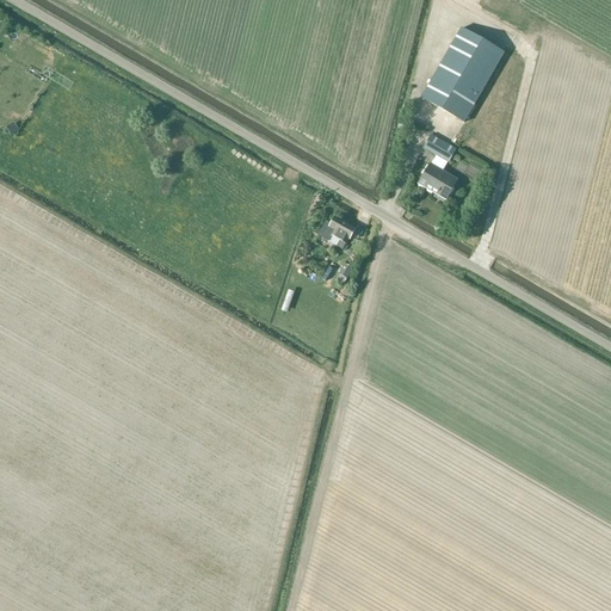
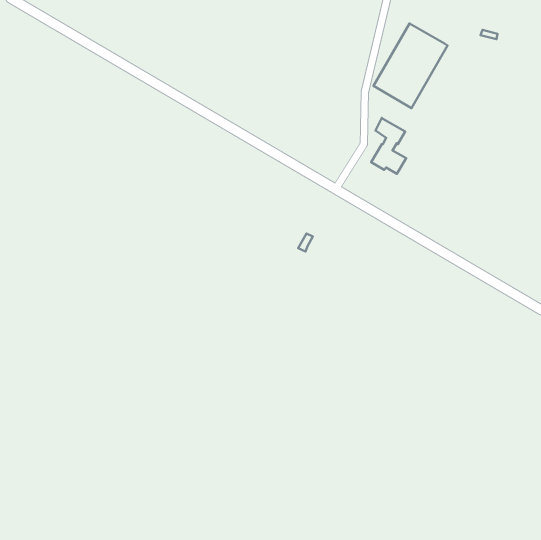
building: [316,215,356,248] -> none

